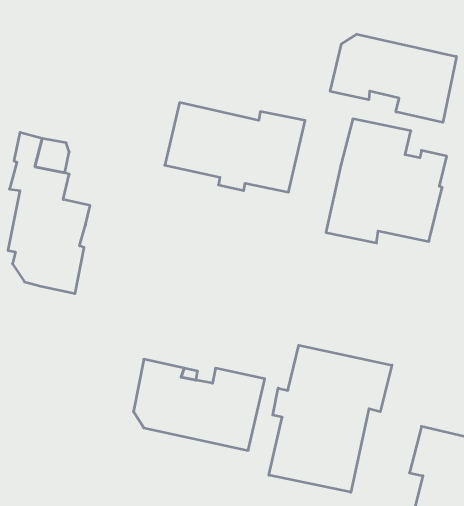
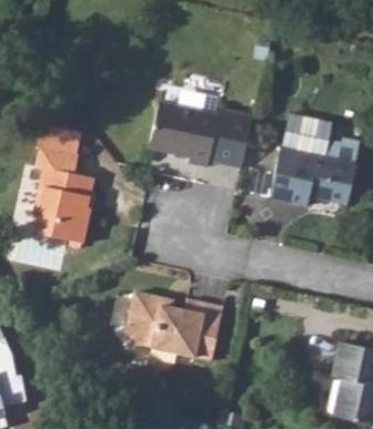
building: [330,34,456,122] -> none
building: [269,345,392,492] -> none

